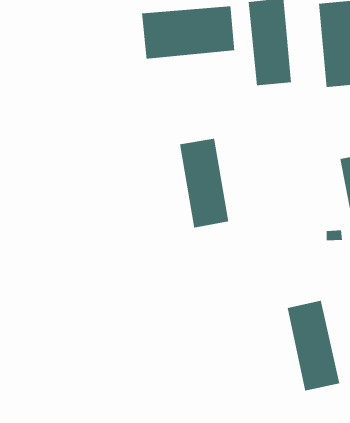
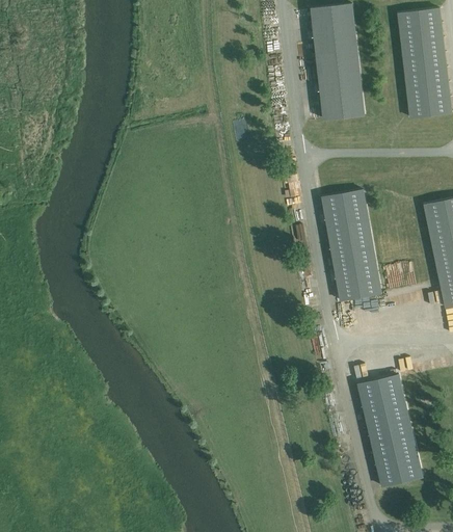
building: [142,5,235,59] -> none
building: [179,138,229,228] -> [323,192,384,302]

